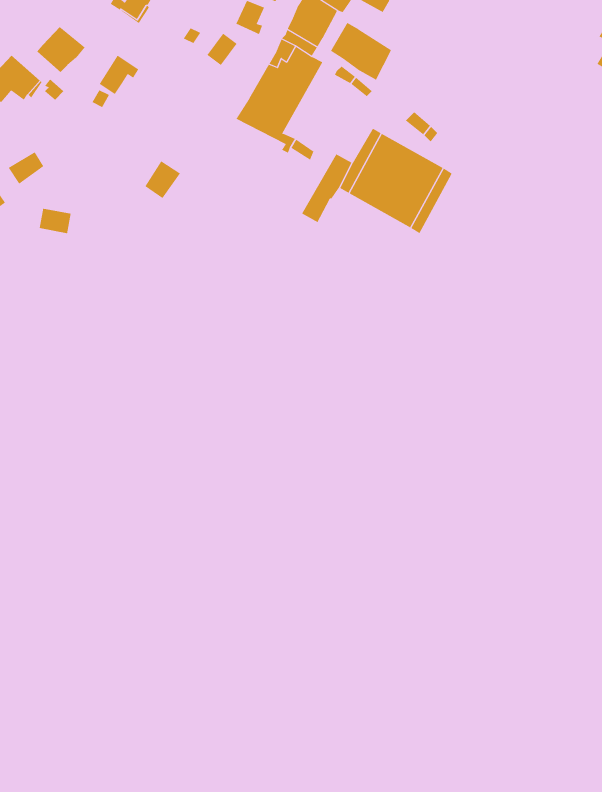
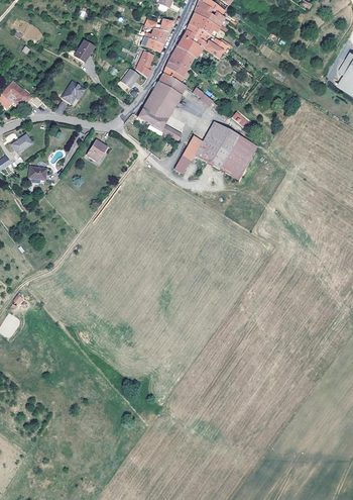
building: [330,22,392,81] -> none
building: [36,26,86,73] -> none

